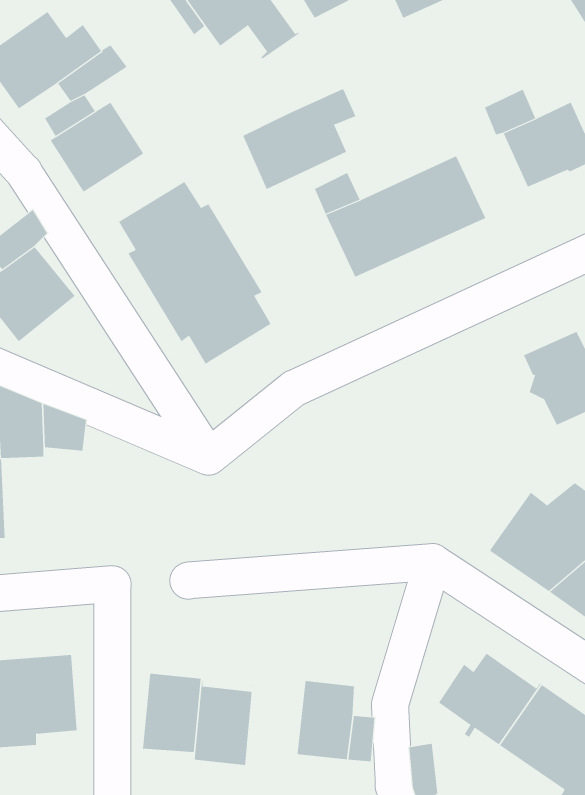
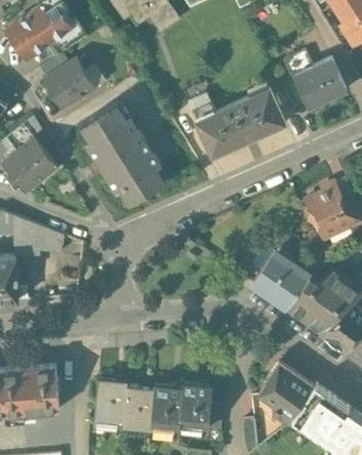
building: [242,89,356,190] -> none
building: none -> [253,253,310,308]
building: none -> [152,381,185,428]

